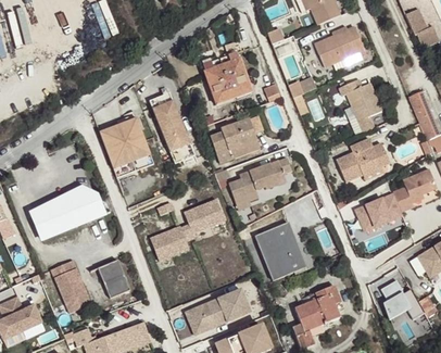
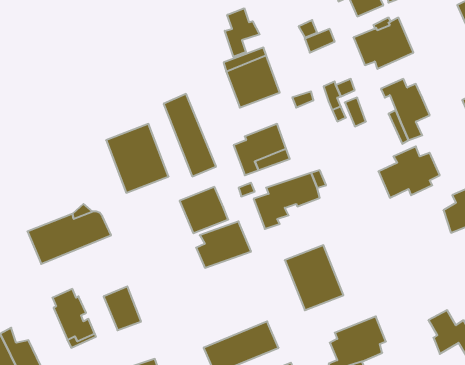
building: none -> [225,8,260,57]
building: [354,192,402,232] -> none
building: [148,225,190,265] -> [180,187,228,233]

